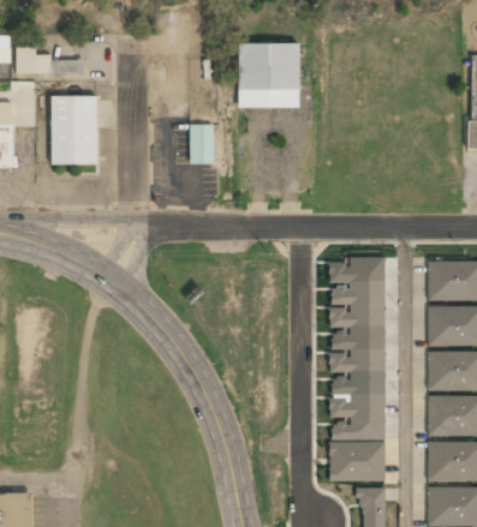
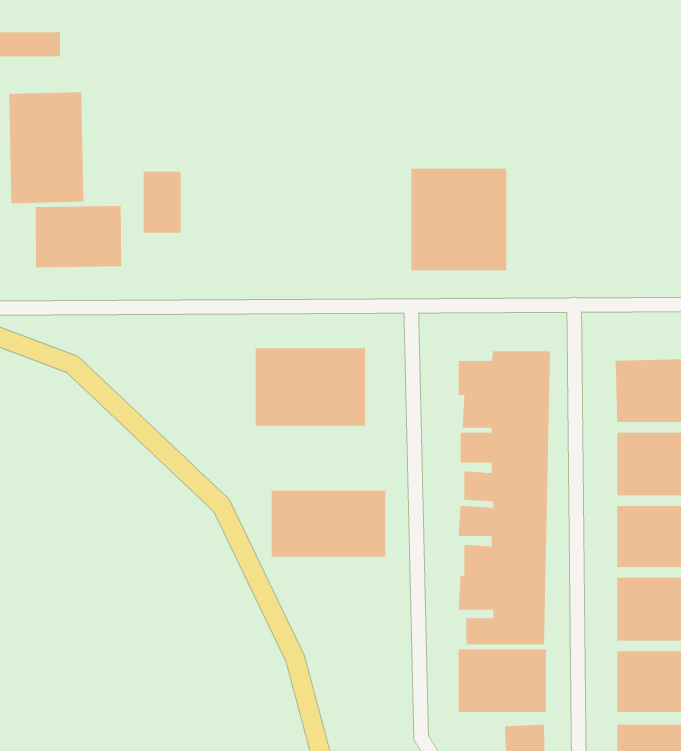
building: [238,43,298,107] -> [410,168,507,271]
building: [190,125,214,163] -> [143,171,182,233]
building: none -> [35,205,122,268]
building: none -> [255,347,366,427]
building: none -> [271,490,386,557]

